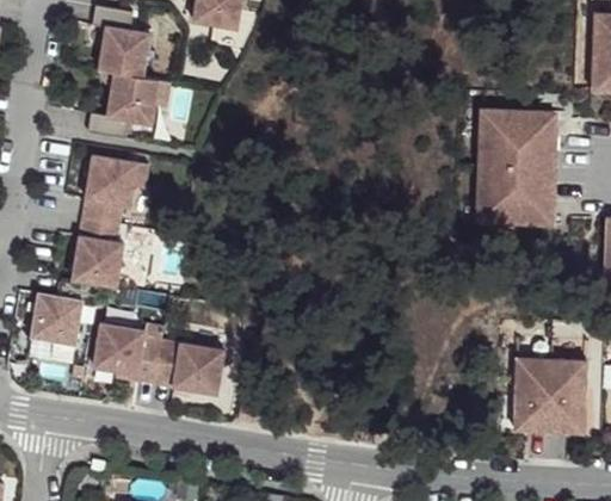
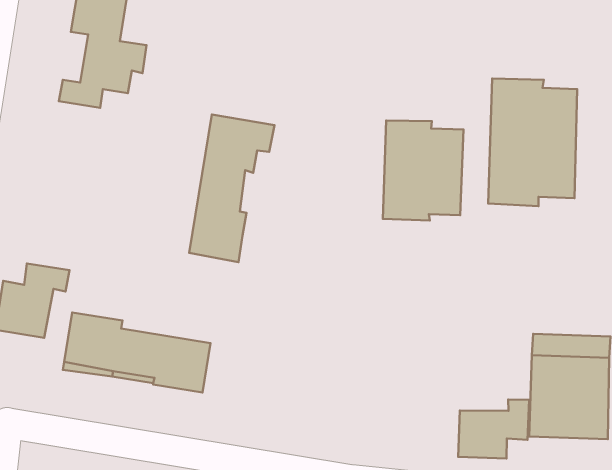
building: none -> [383,121,464,221]
building: [74,154,150,286] -> [189,114,274,262]
building: none -> [458,400,529,458]

